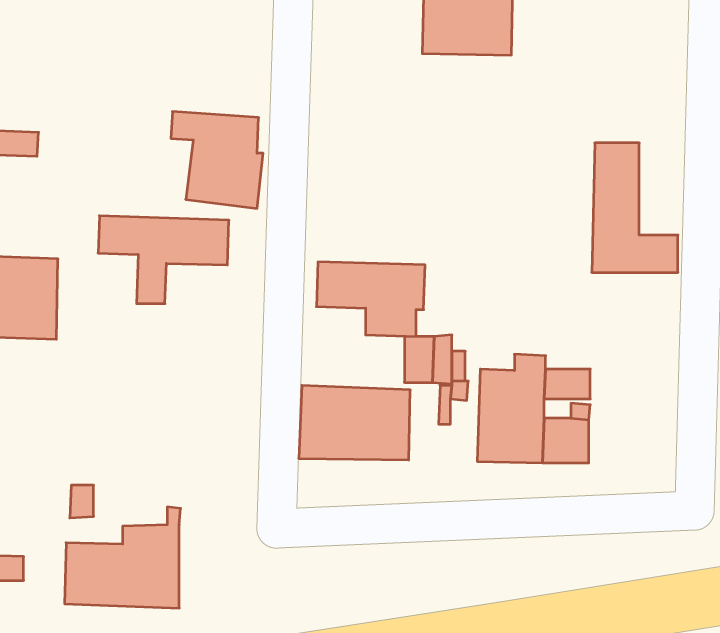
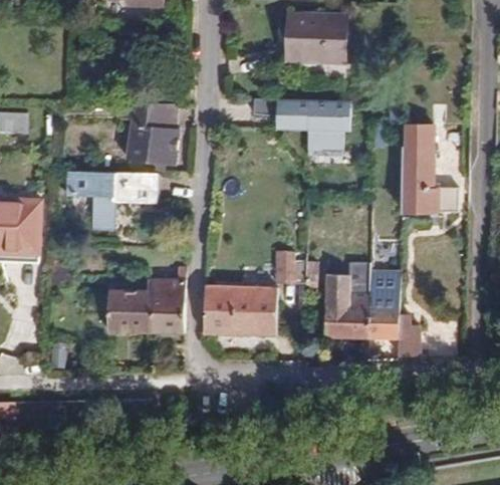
building: [316,262,425,336] -> [276,99,349,150]
building: none -> [399,314,420,357]
building: [65,507,181,608] -> [107,266,186,334]

